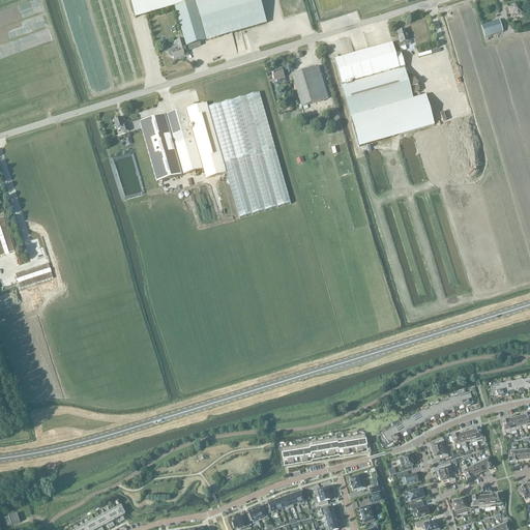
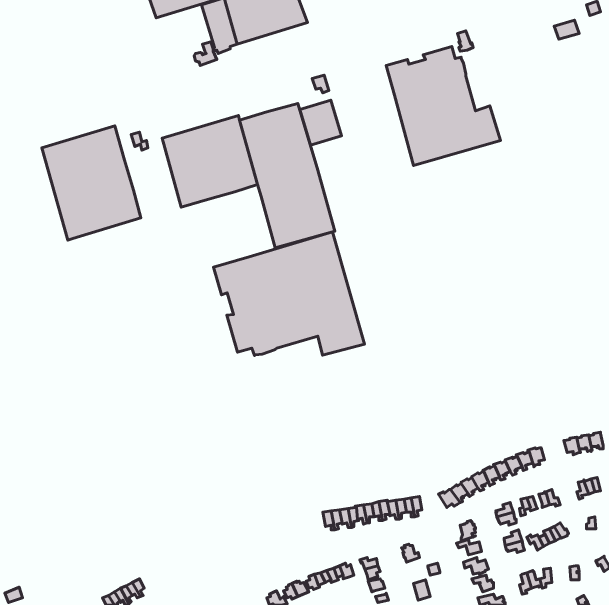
building: [292,64,328,104] -> [300,100,341,145]
building: none -> [42,126,141,240]
building: none -> [214,232,364,356]

